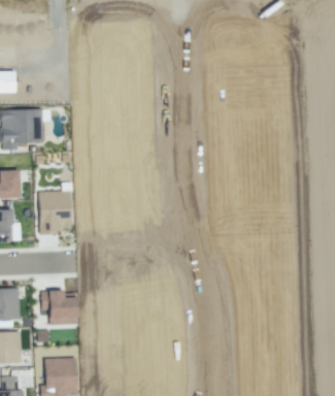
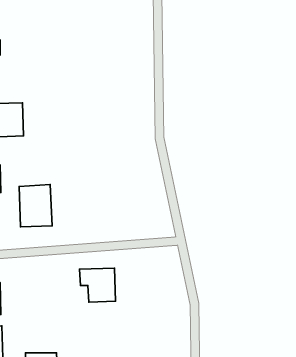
building: [40,291,76,325] -> [79,268,116,302]

